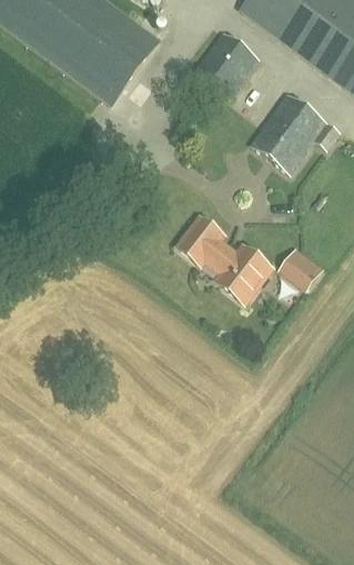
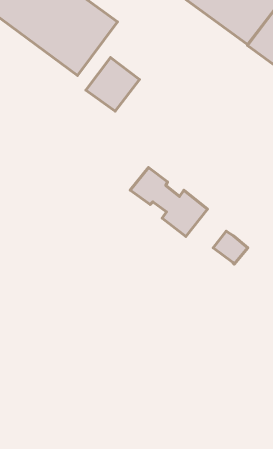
building: [192,31,257,97] -> [86,58,140,111]
building: [250,93,337,172] -> none
building: [277,249,320,289] -> [213,231,248,264]

